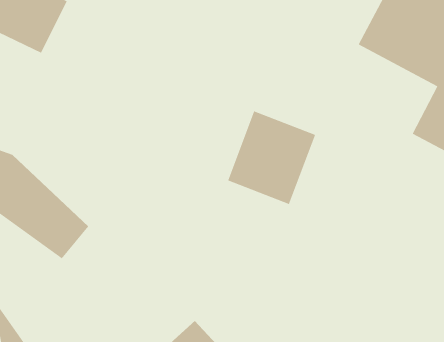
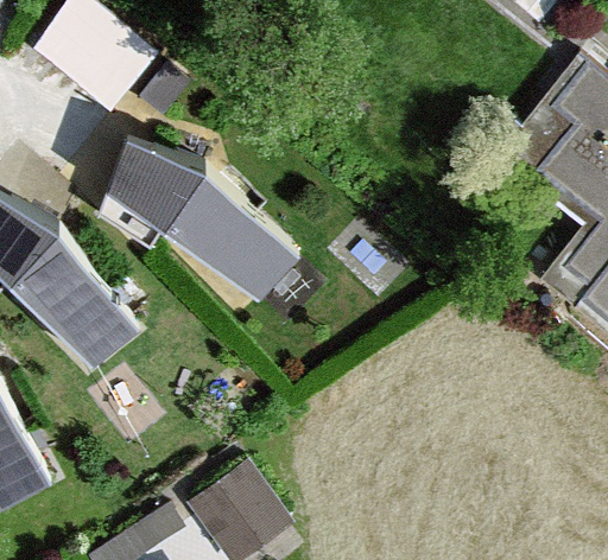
building: none -> [94,148,303,298]
building: [227,111,316,205] -> none

